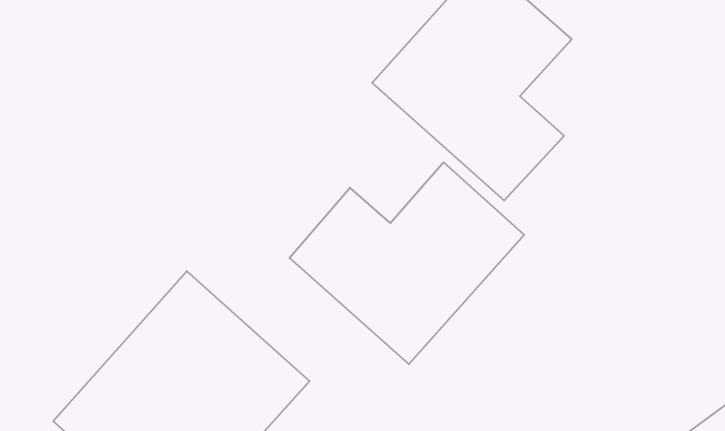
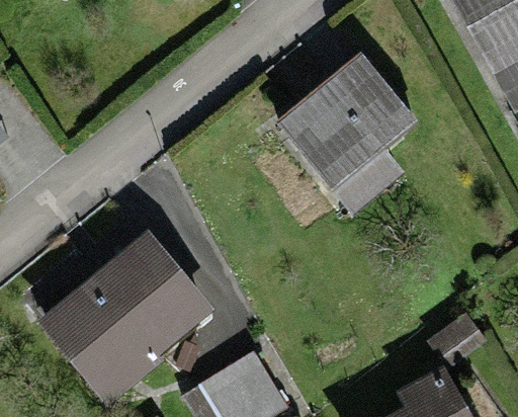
building: [289,162,524,364] -> none

